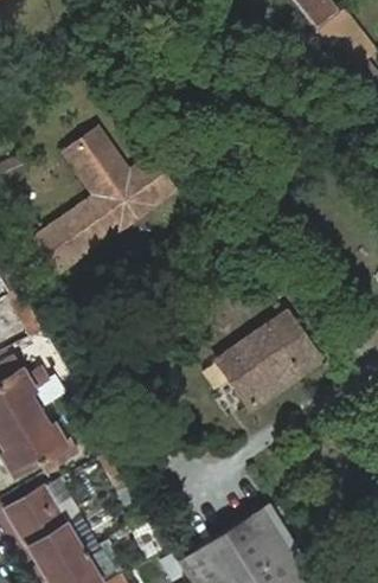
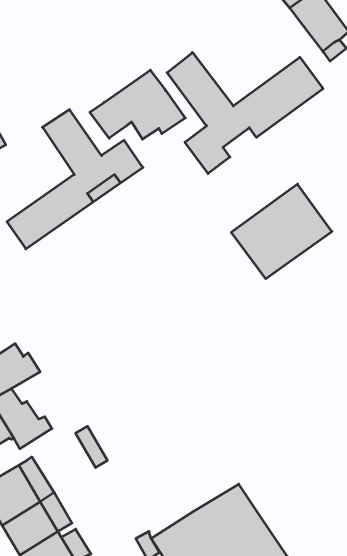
building: none -> [167,52,323,174]
building: none -> [90,70,185,139]
building: [218,312,319,406] -> [231,184,332,279]

